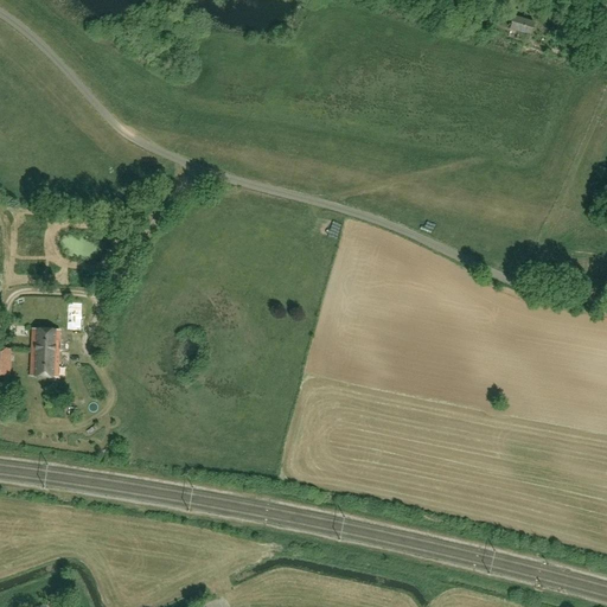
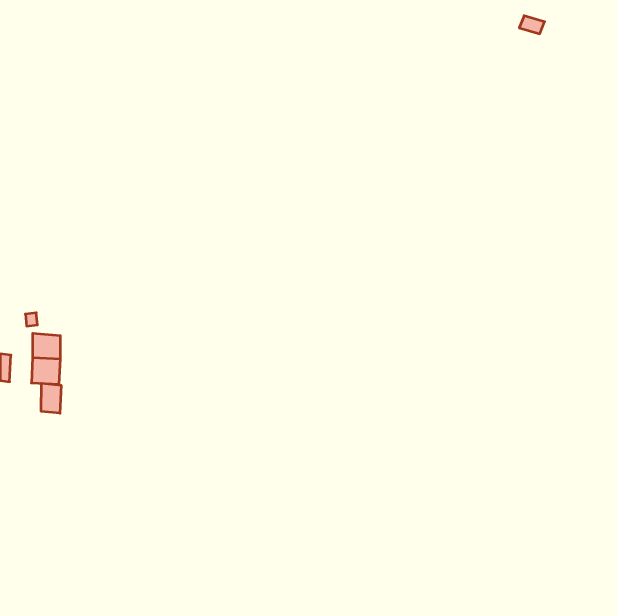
building: none -> [41,383,61,413]

